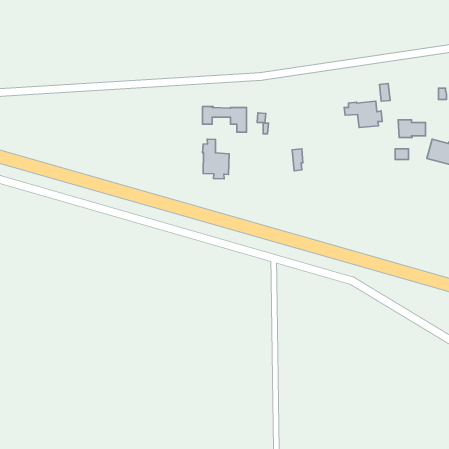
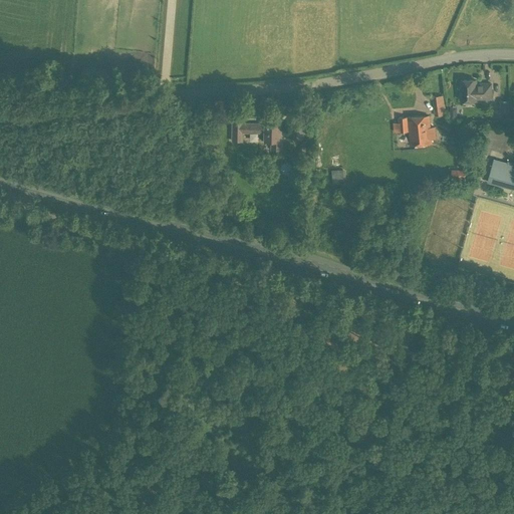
building: [398,120,426,138] -> [461,81,492,101]
building: [203,139,229,179] -> none

